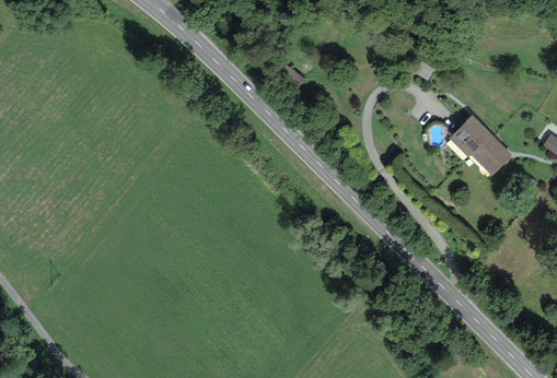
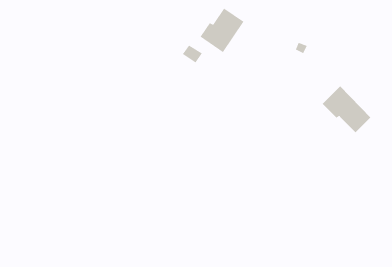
building: none -> [200,7,244,53]

